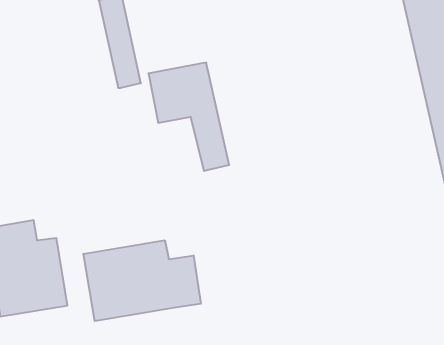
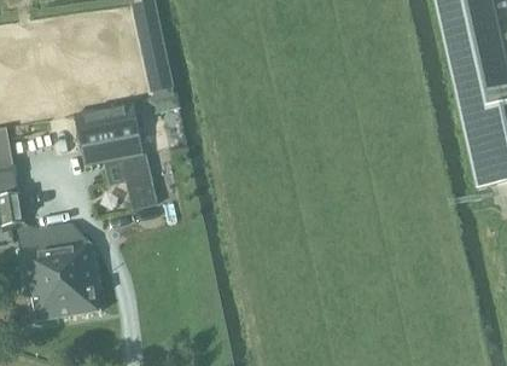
building: [148,63,229,171] -> [75,101,156,210]
building: [83,240,201,321] -> none

